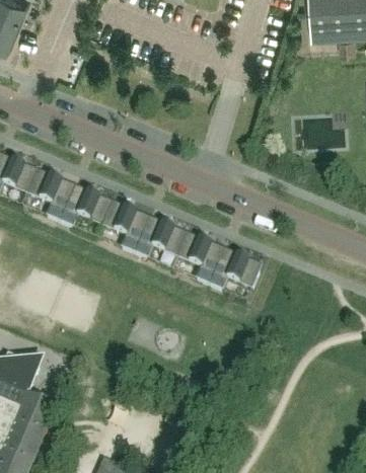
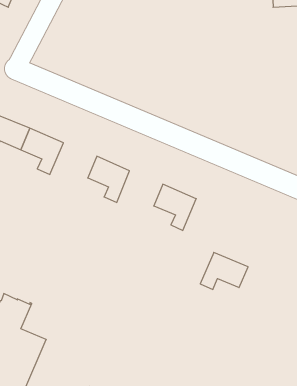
building: [60,185,113,226] -> none
building: [135,217,187,258] -> none
building: [209,248,263,290] -> [200,252,248,289]

